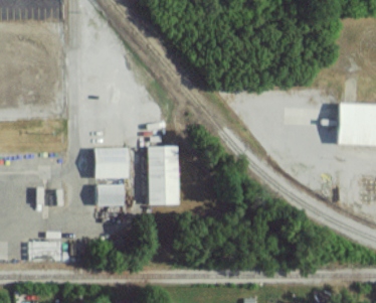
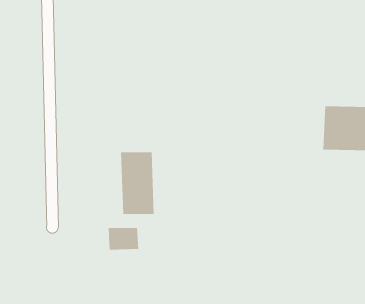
building: [91,148,126,179] -> none
building: [93,185,123,206] -> [108,228,139,250]

